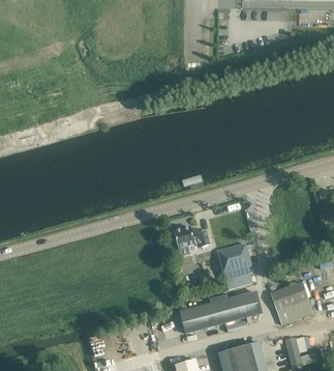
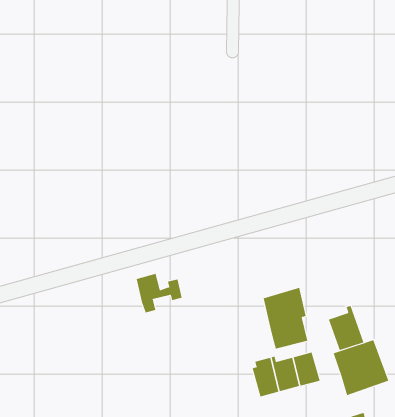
building: [174,225,209,255] -> [136,273,182,313]
building: none -> [328,305,364,351]
building: [180,303,216,332] -> none

